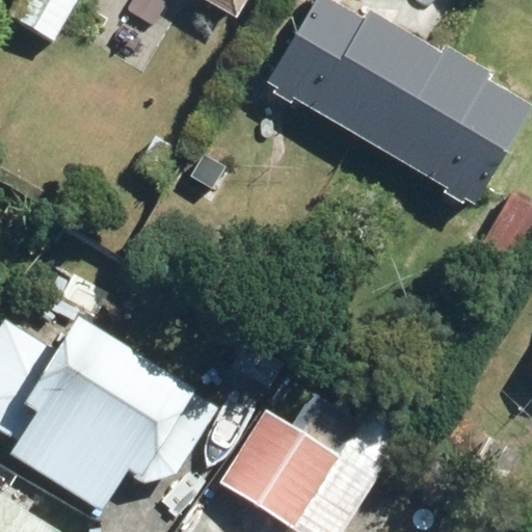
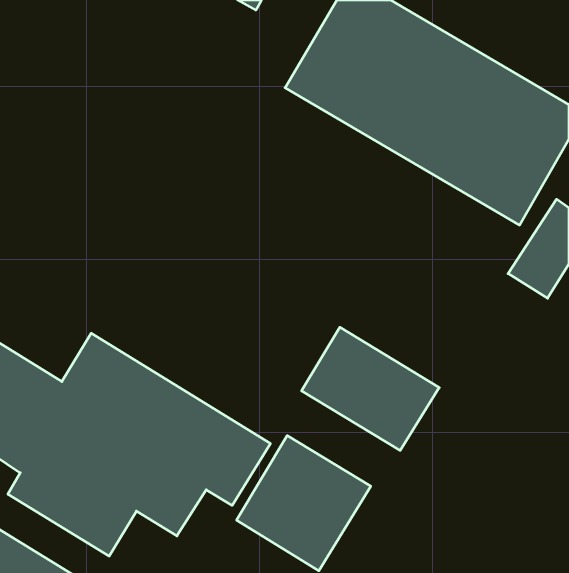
building: none -> [302,327,439,450]

